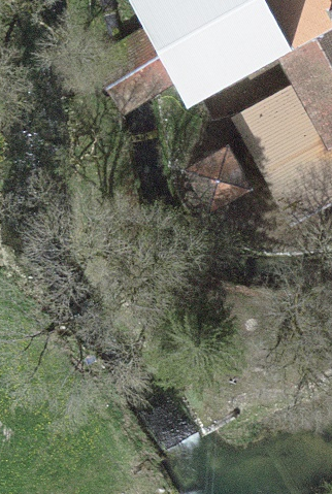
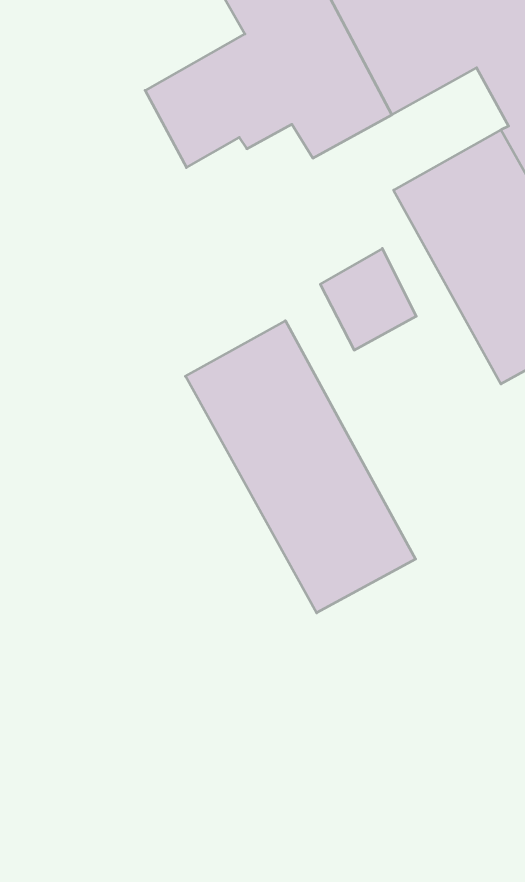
building: none -> [185,321,416,613]

